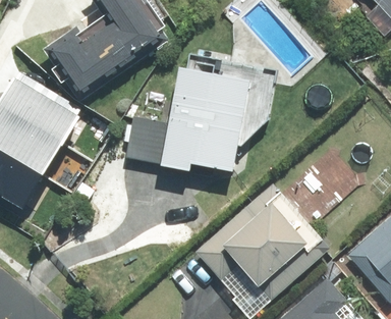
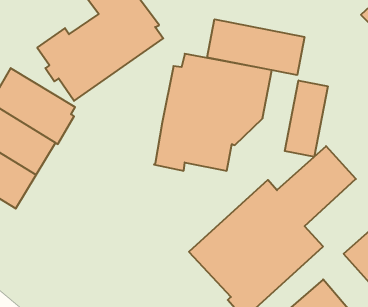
building: none -> [207,19,304,75]
building: none -> [285,80,328,157]
building: [126,116,168,164] -> none

